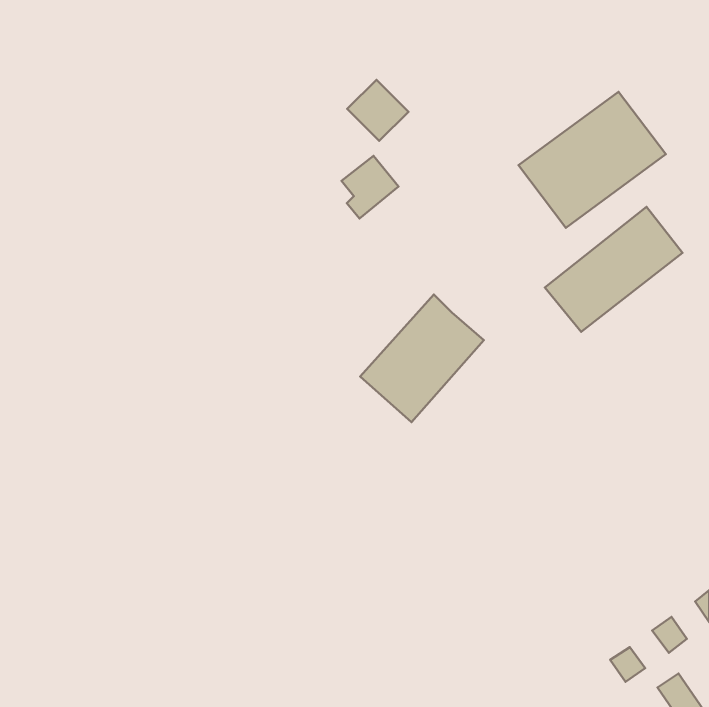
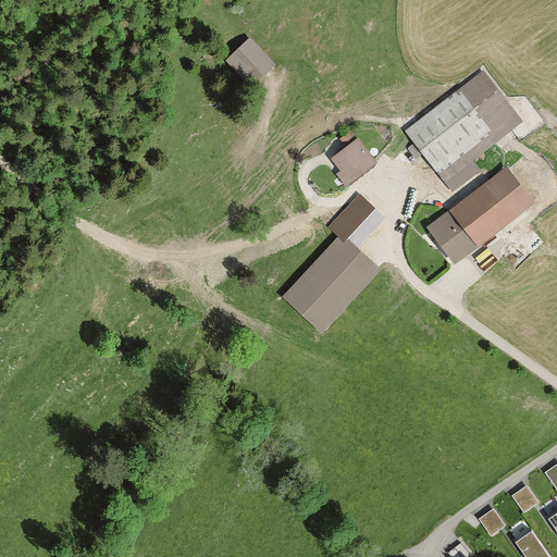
building: [347,80,408,141] -> [226,39,274,87]
building: [341,156,398,218] -> [331,137,375,186]
building: none -> [330,195,383,247]

